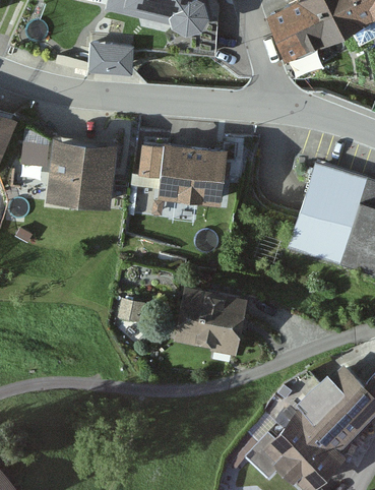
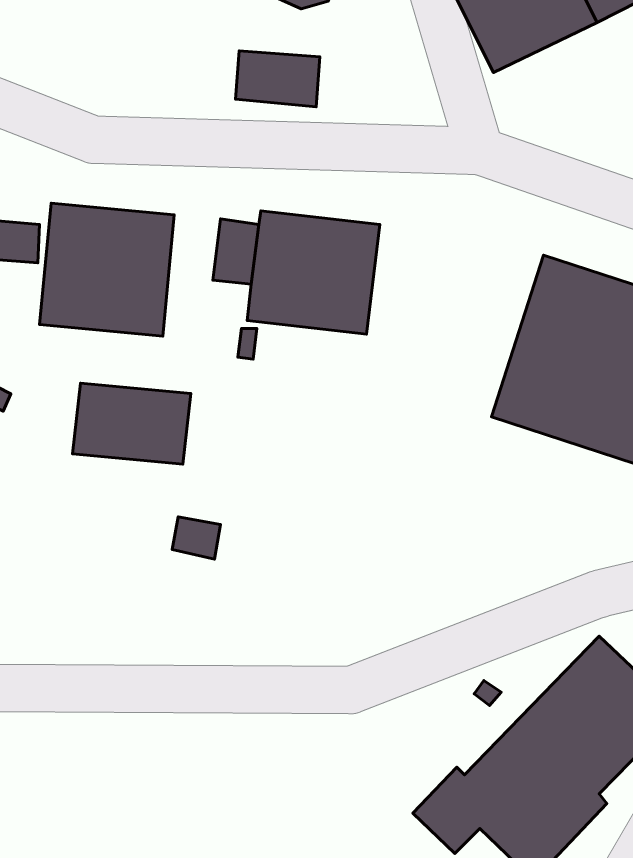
building: [88,42,133,71] -> [235,51,320,107]
building: none -> [73,383,191,464]
building: [174,283,248,358] -> none

